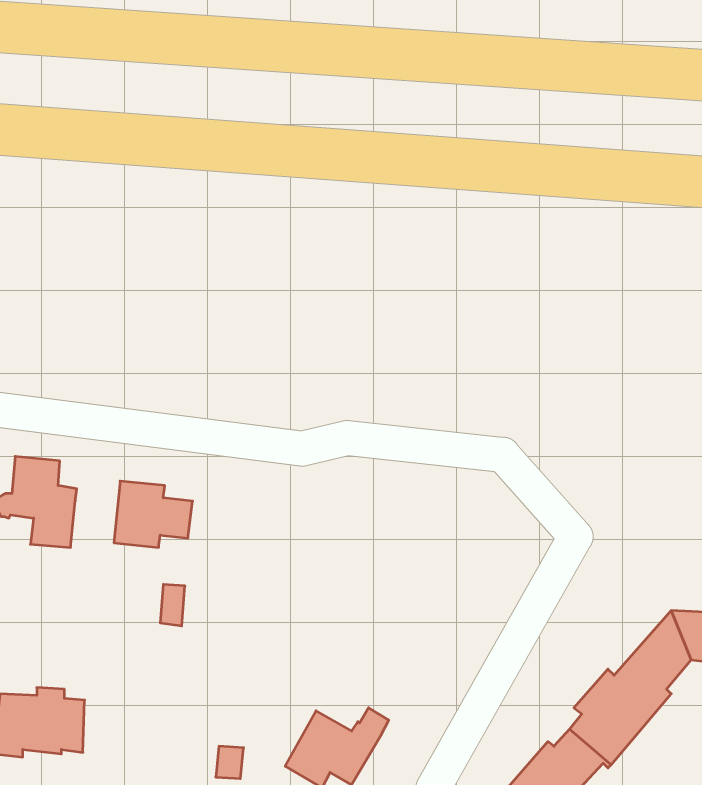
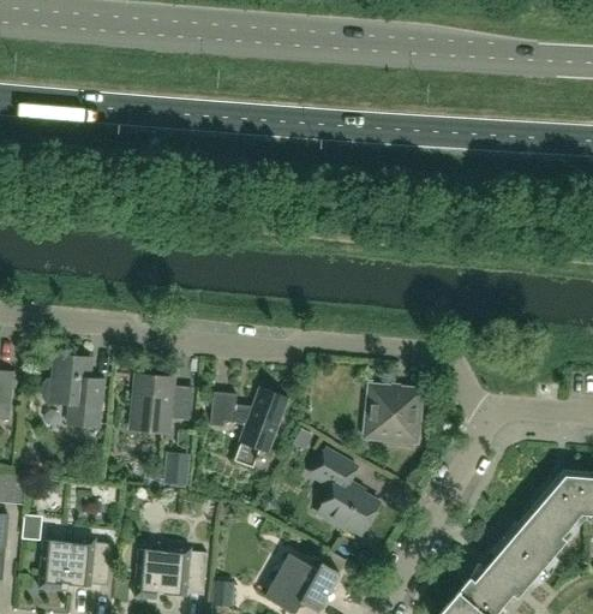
building: none -> [210,387,288,469]
building: none -> [366,388,419,440]
building: none -> [311,449,379,535]
building: none -> [134,547,206,600]

